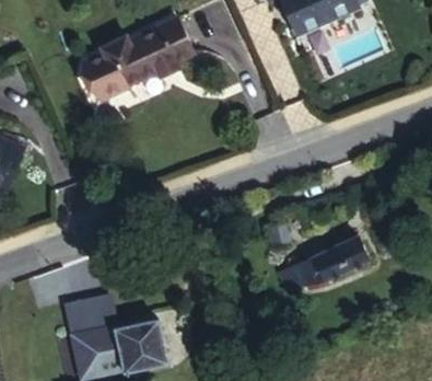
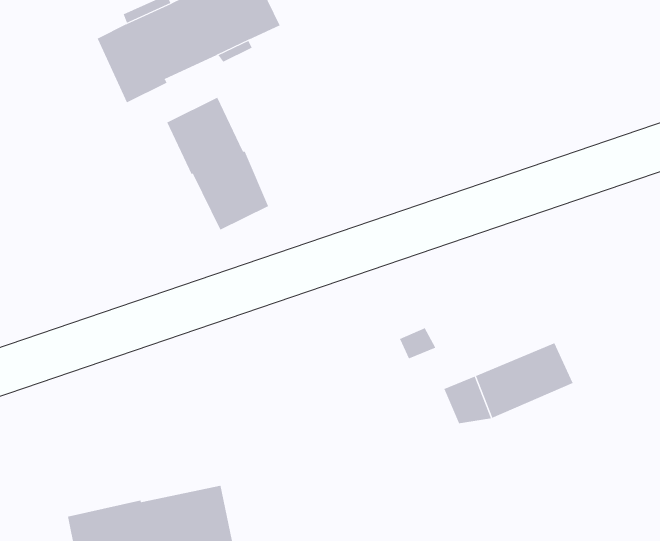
building: none -> [167,97,269,230]
building: [61,303,112,343] -> none

